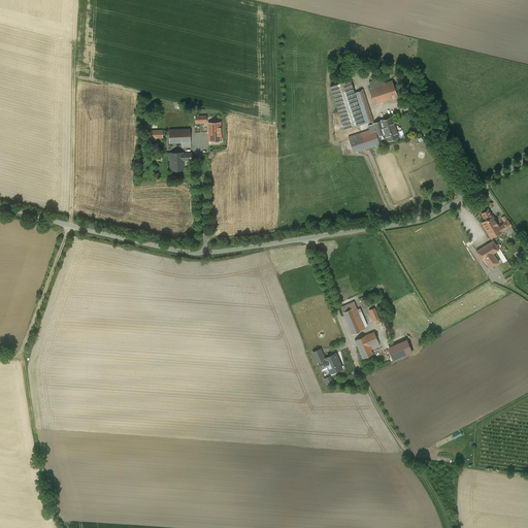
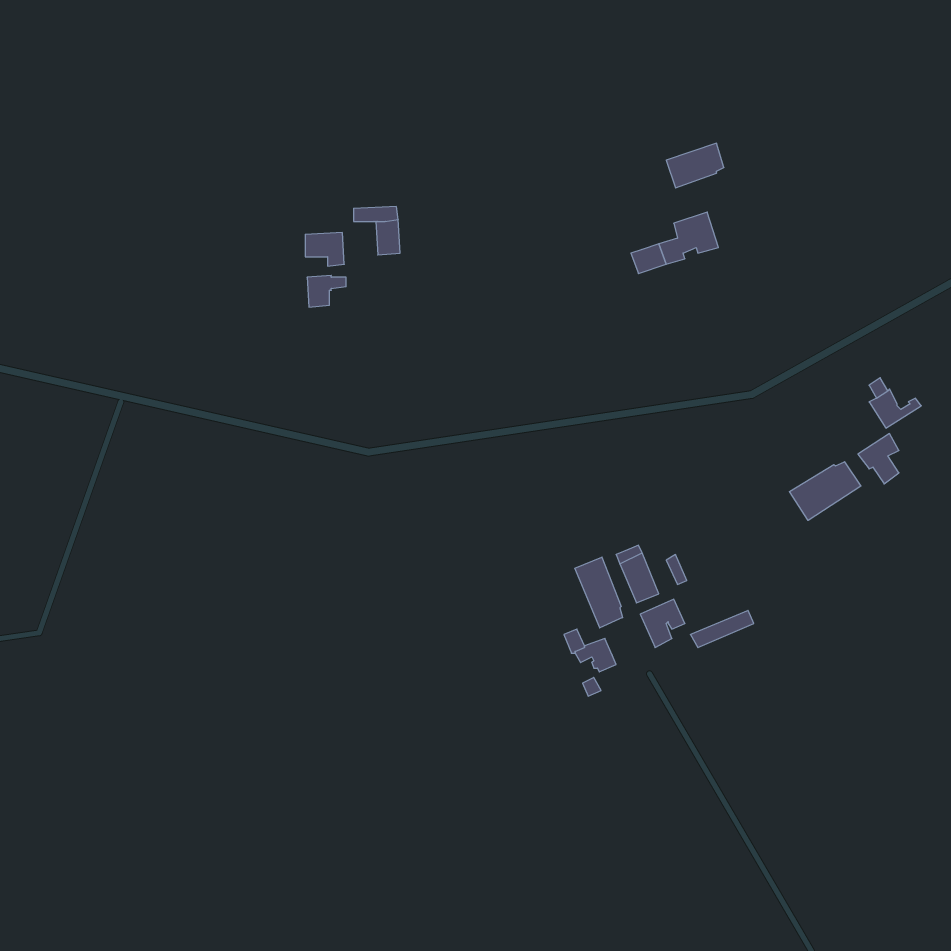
building: [330,80,373,129] -> none
building: none -> [789,462,861,520]
building: none -> [575,557,623,628]

